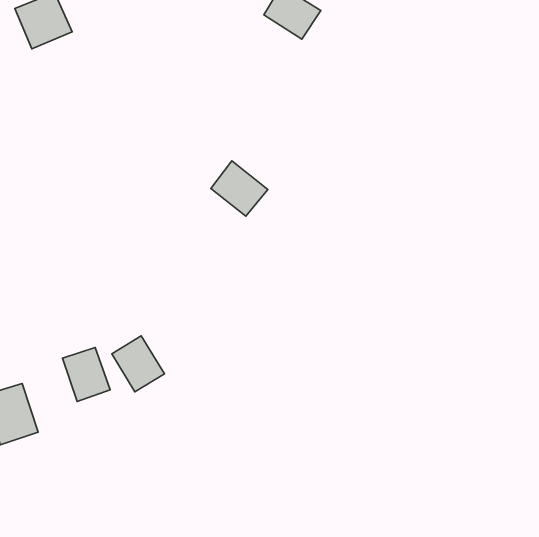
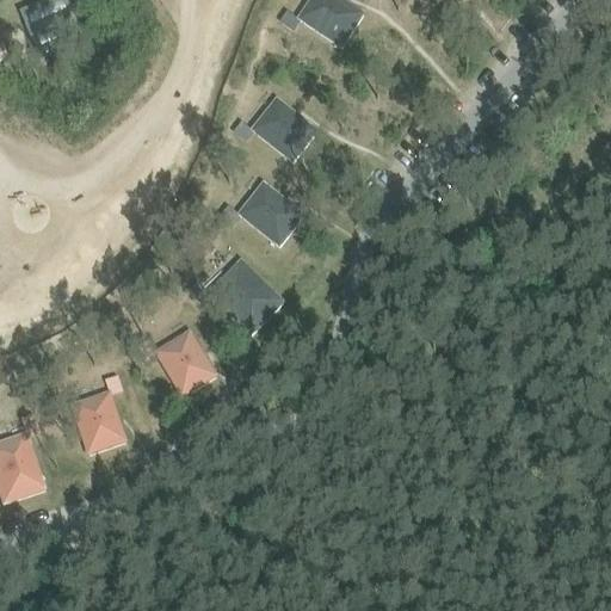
building: none -> [251,97,315,160]
building: none -> [208,259,282,332]
building: [112,336,165,392] -> [154,331,214,394]

